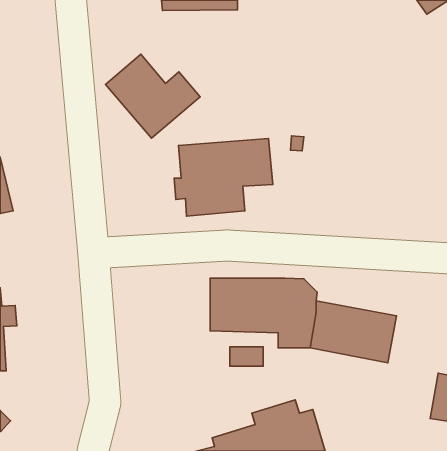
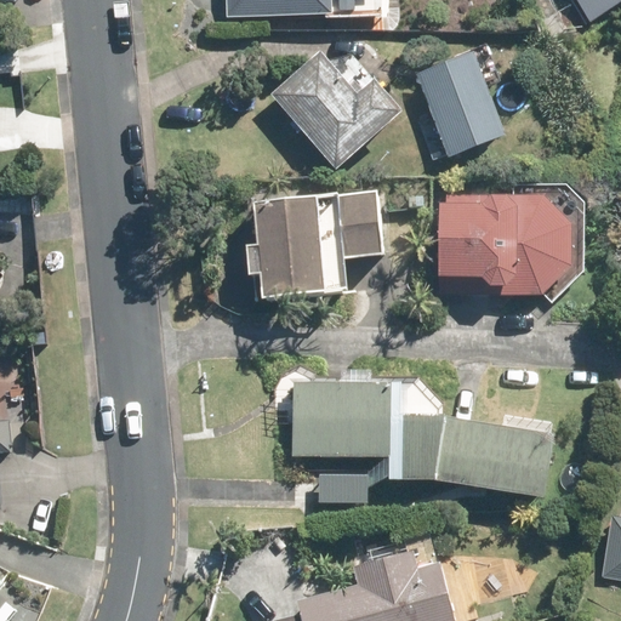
building: none -> [420,53,505,154]
building: [106,54,200,138] -> [272,52,401,167]
building: none -> [437,189,580,295]

